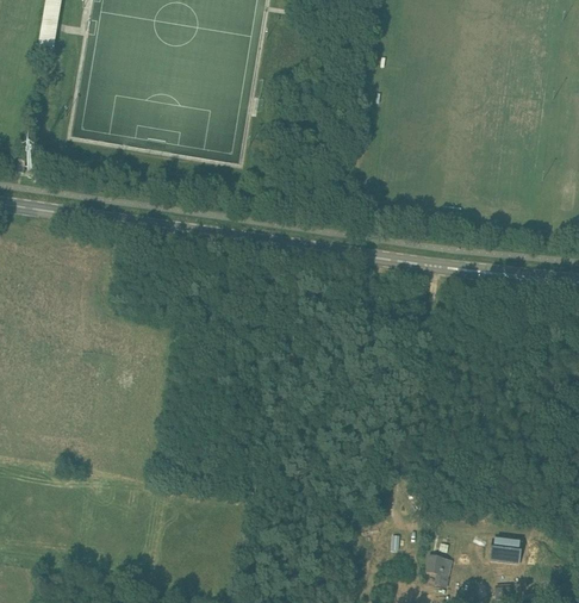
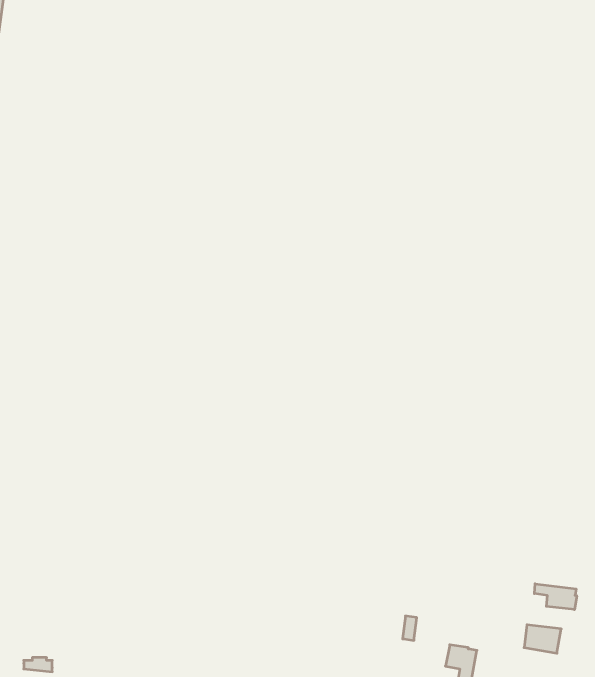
building: none -> [534,584,577,610]

